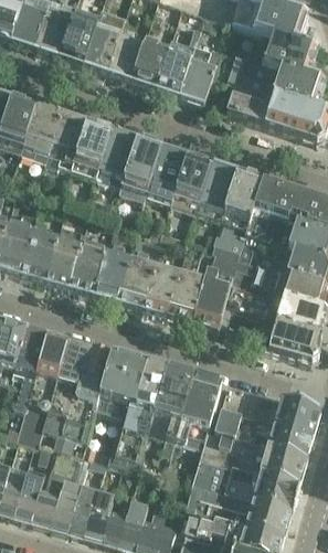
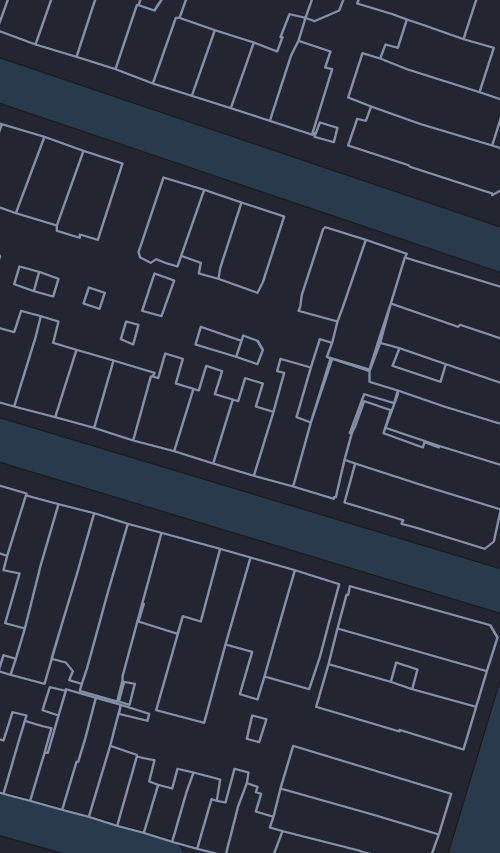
building: [72,120,113,176] -> none
building: [171,153,212,210] -> none
building: [193,456,301,512] -> none

